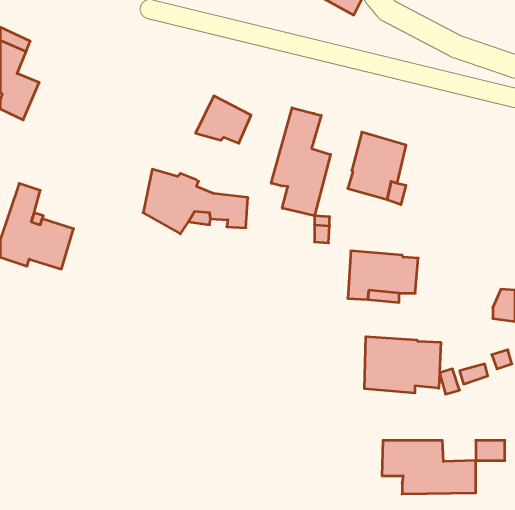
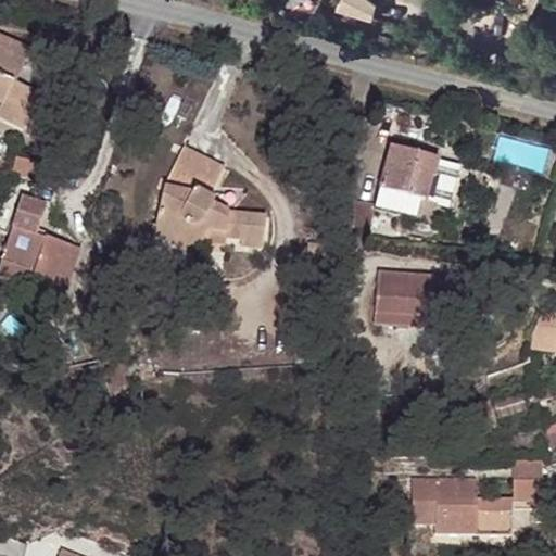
building: [196,96,251,143] -> [164,142,224,193]
building: [271,108,331,216] -> none
building: [364,337,441,393] -> none

